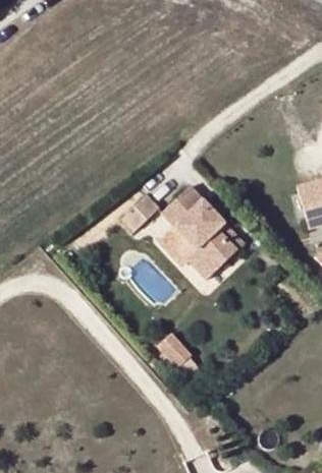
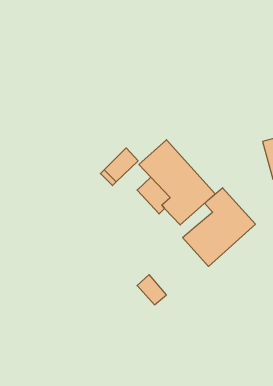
building: none -> [183,188,255,266]

